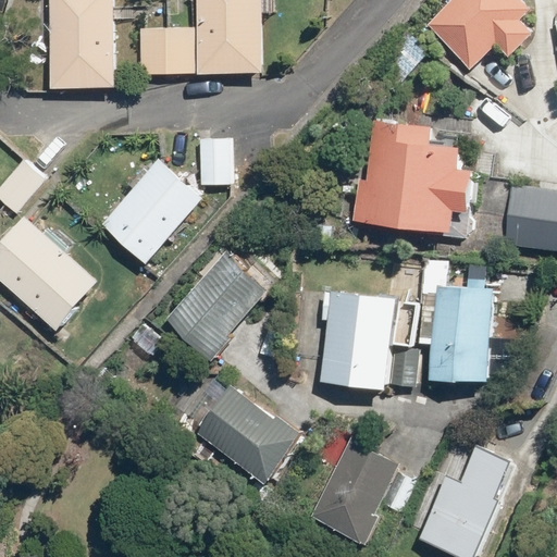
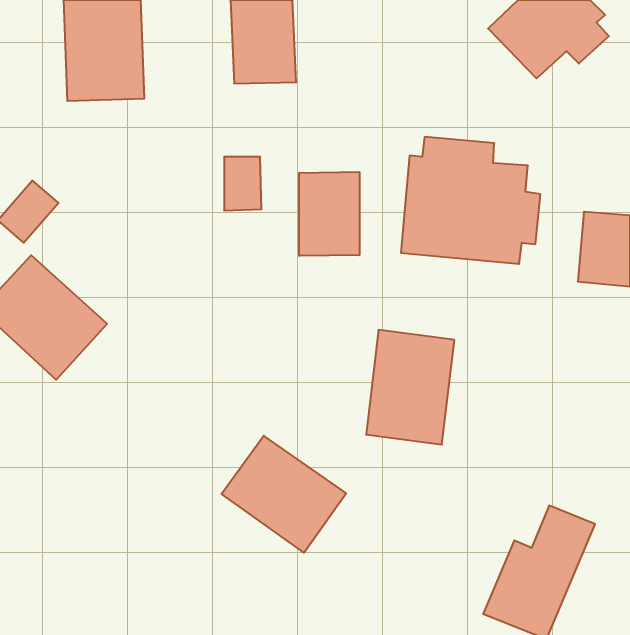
building: [140,27,199,74] -> none
building: none -> [299,172,359,256]
building: [97,160,199,264] -> none
building: [159,251,270,367] -> none
building: [432,284,494,381] -> none
building: [310,434,406,543] -> none

